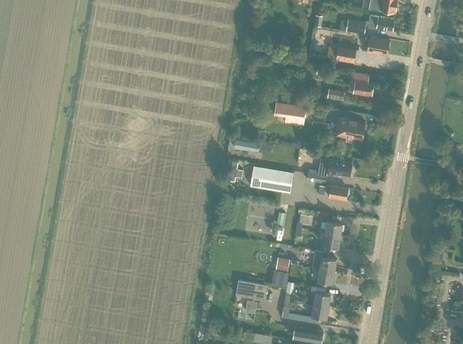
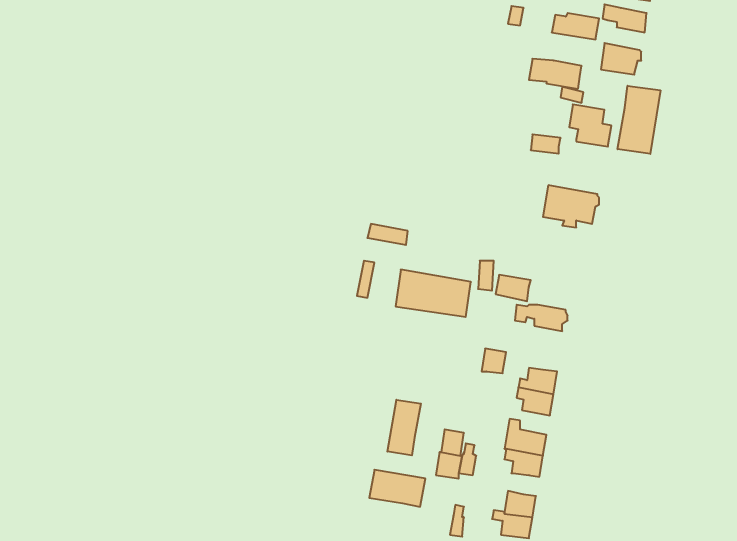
building: none -> [618,86,660,154]
building: [274,100,305,118] -> none
building: [322,158,353,176] -> none
building: none -> [387,400,421,455]

